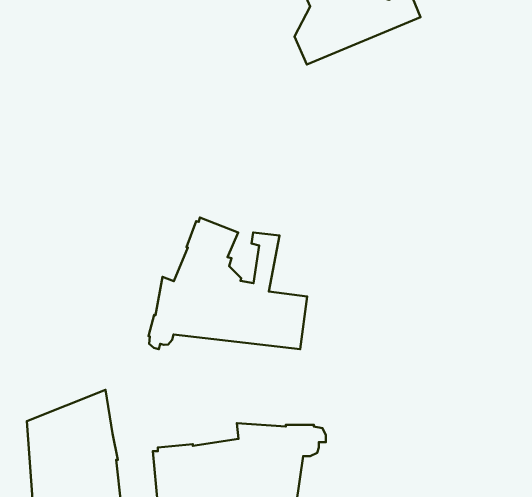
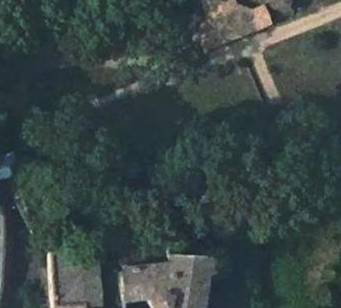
building: [149,218,307,349] -> none

